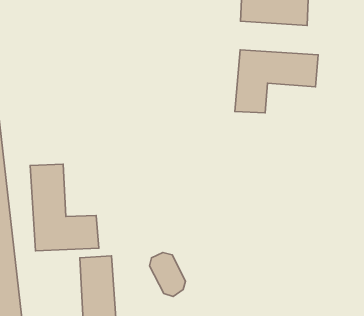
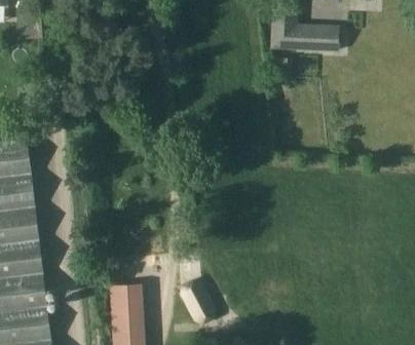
building: [235,50,318,113] -> none
building: [30,164,99,251] -> none

